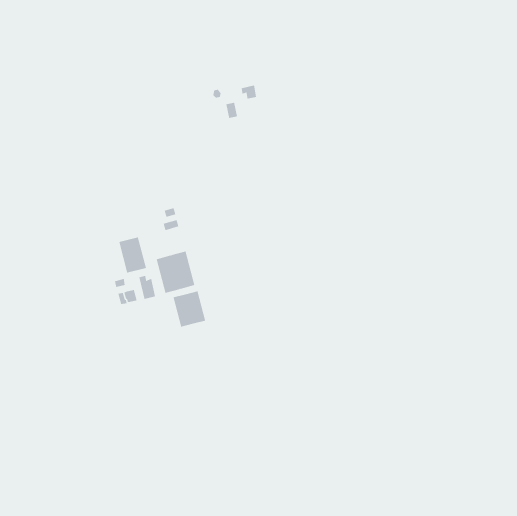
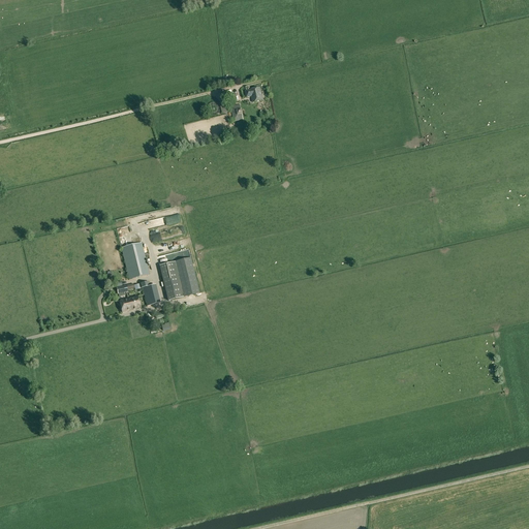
building: [173,290,206,328] -> none

